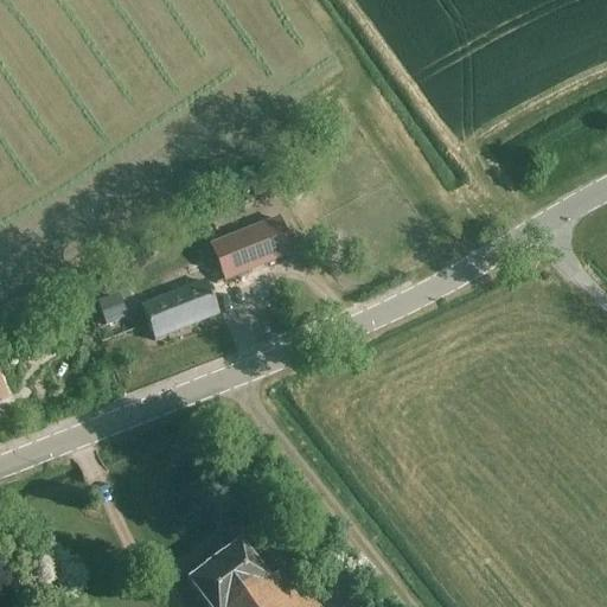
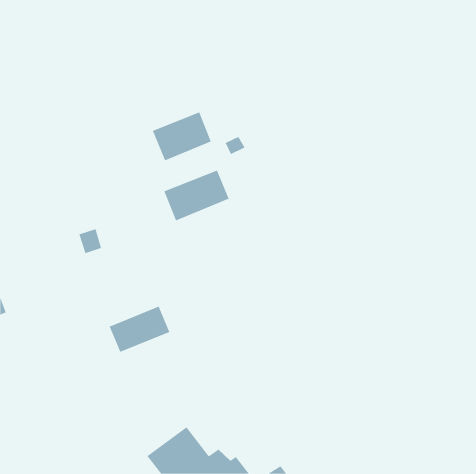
building: none -> [152,112,212,161]
building: [139,280,217,339] -> [109,306,170,353]

